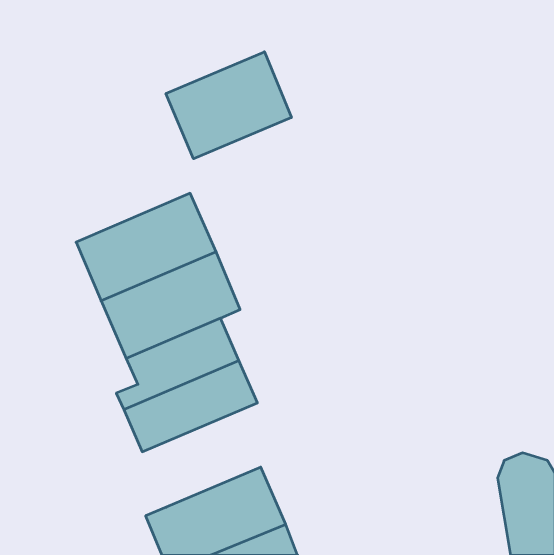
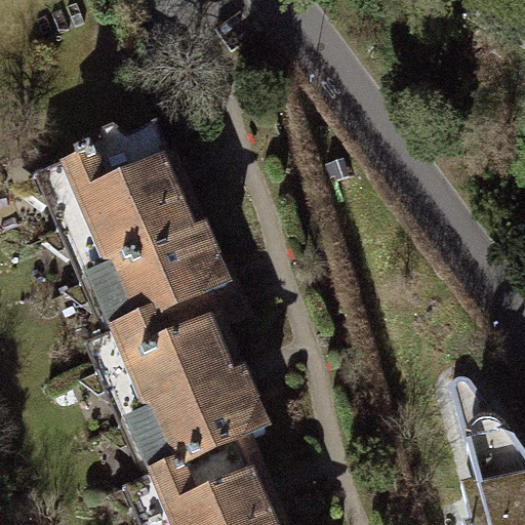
building: [166,52,291,159] -> none
building: none -> [49,129,180,229]
building: none -> [135,380,267,479]

